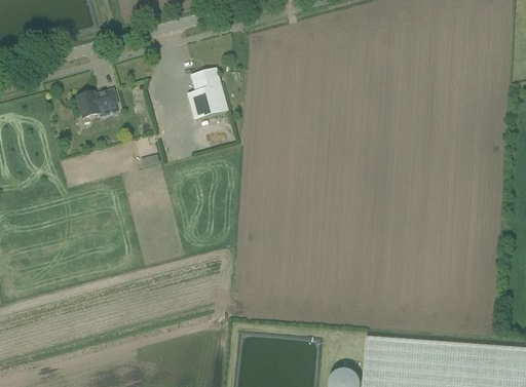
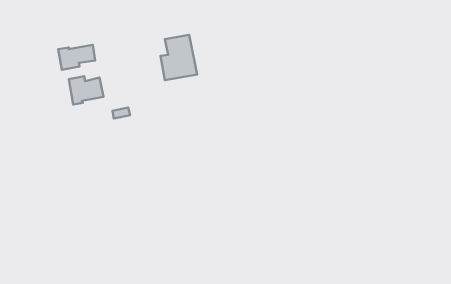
building: none -> [69,76,103,105]

